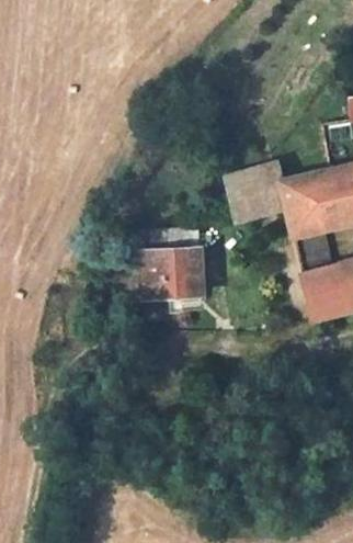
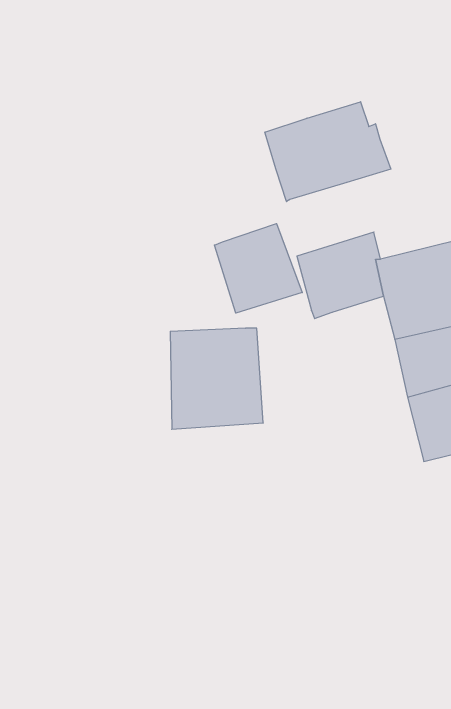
building: none -> [265,102,391,202]
building: none -> [214,224,302,313]

